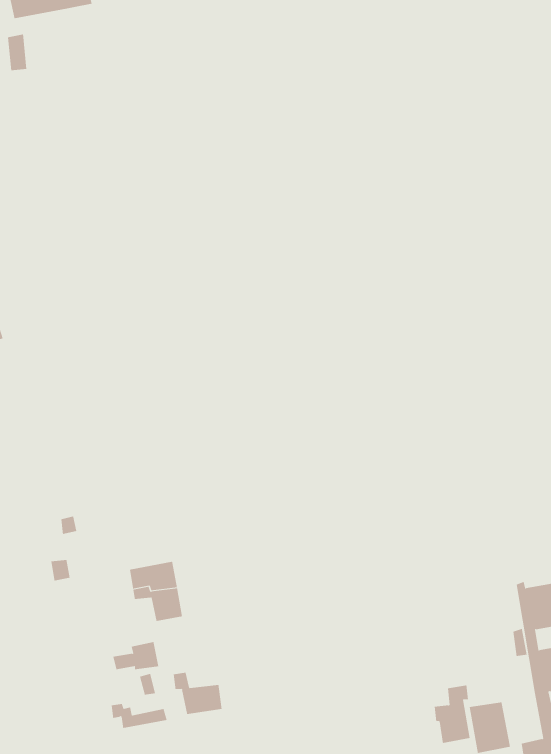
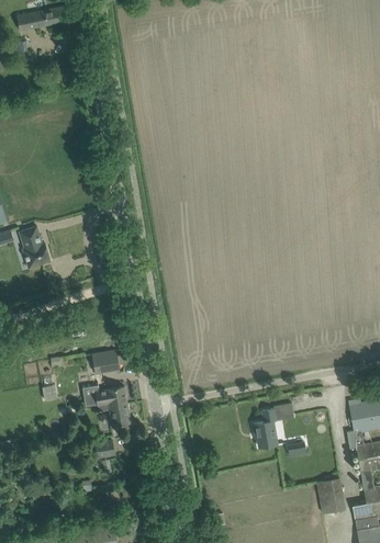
building: none -> [19,226,49,268]
building: none -> [91,350,119,374]
building: [173,672,222,715] -> none
building: [434,685,471,743] -> [253,409,277,448]

